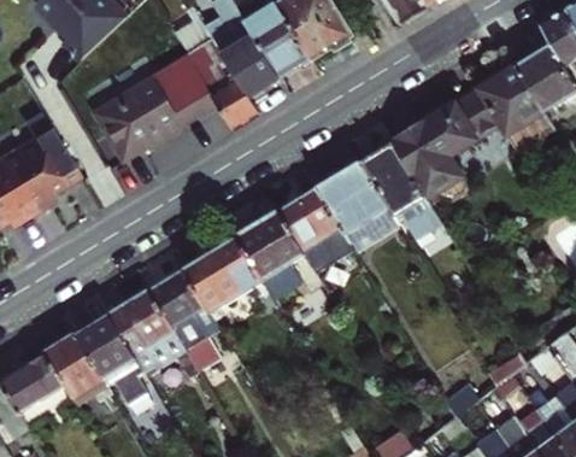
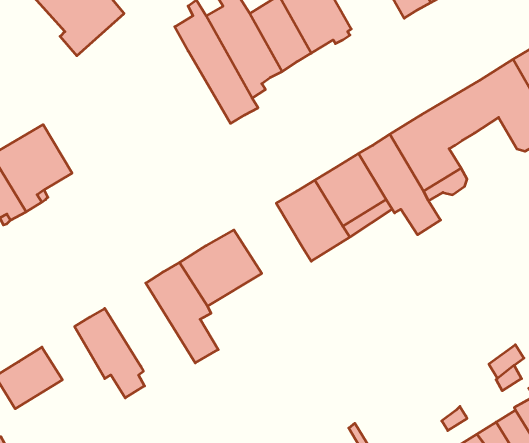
building: [95,57,219,162] -> none
building: [236,209,305,298] -> none
building: [107,288,198,374] -> none
building: [45,332,107,403] -> none

